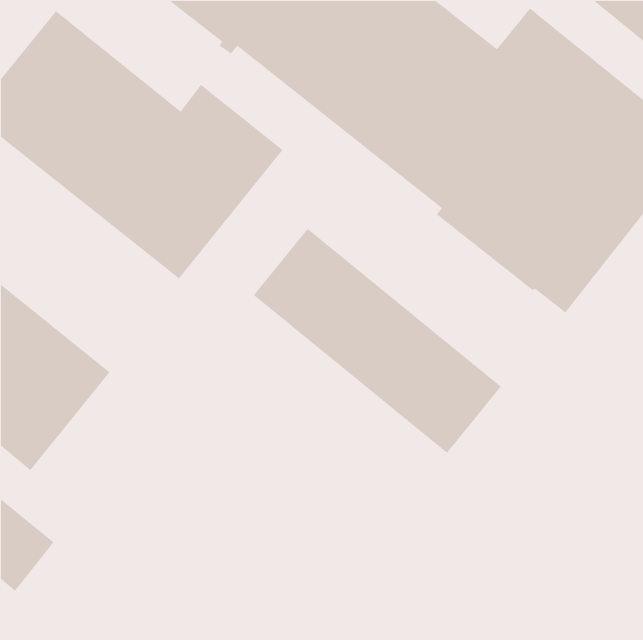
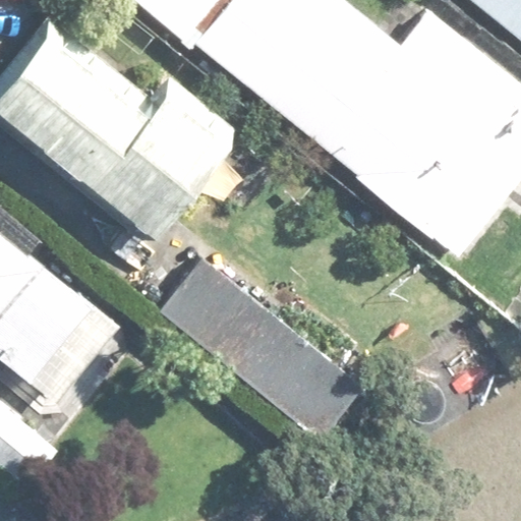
building: [253,228,502,454] -> [161,257,360,439]

